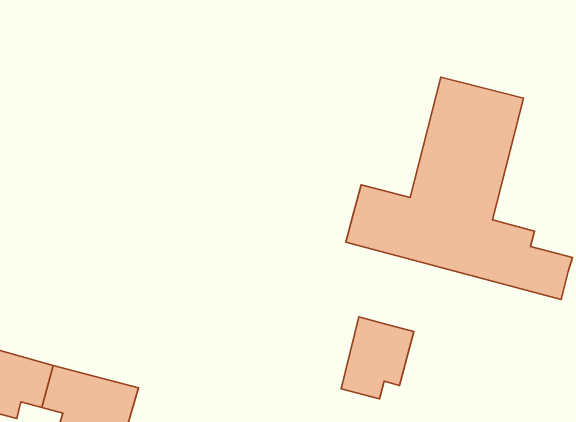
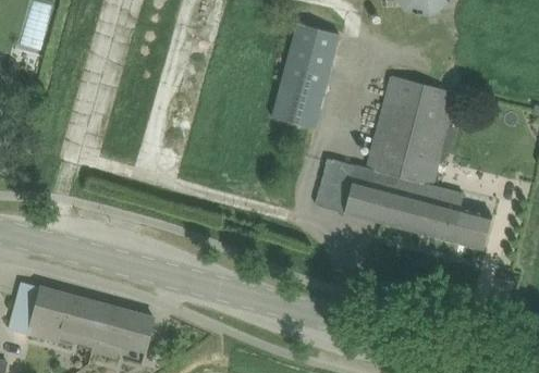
building: none -> [271,21,341,128]
building: [341,317,414,399] -> none

